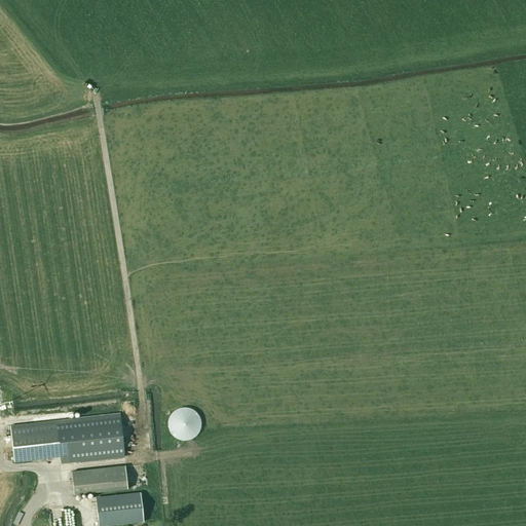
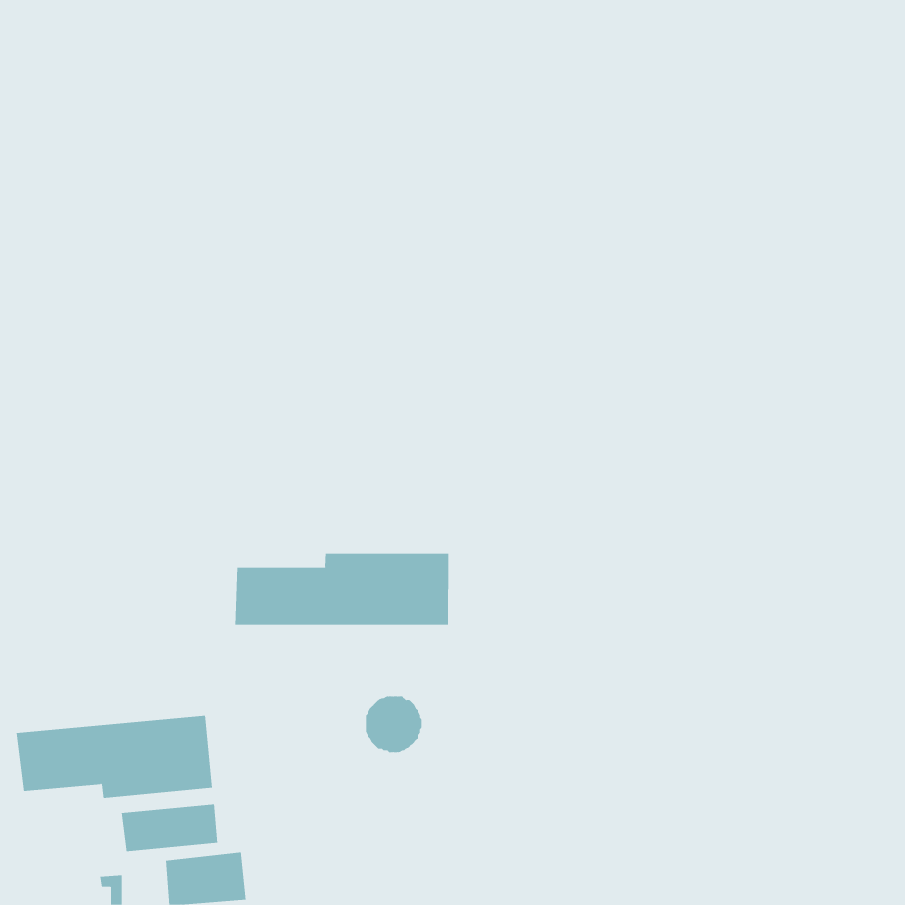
building: none -> [235,553,449,626]
building: [168,407,201,440] -> [365,696,422,753]

